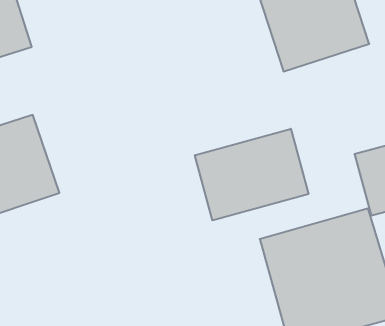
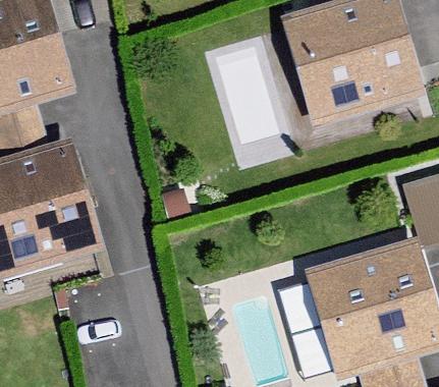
building: [195,129,308,220] -> none

